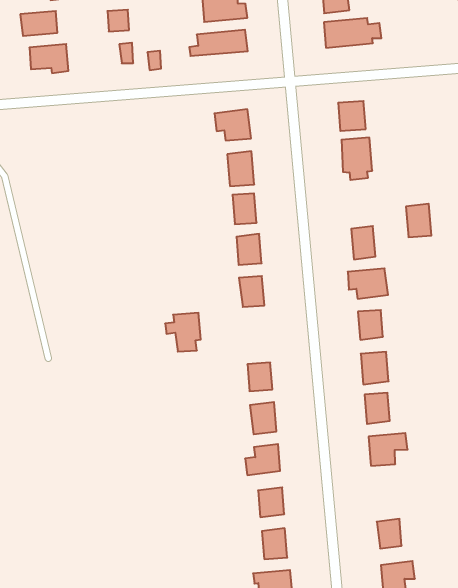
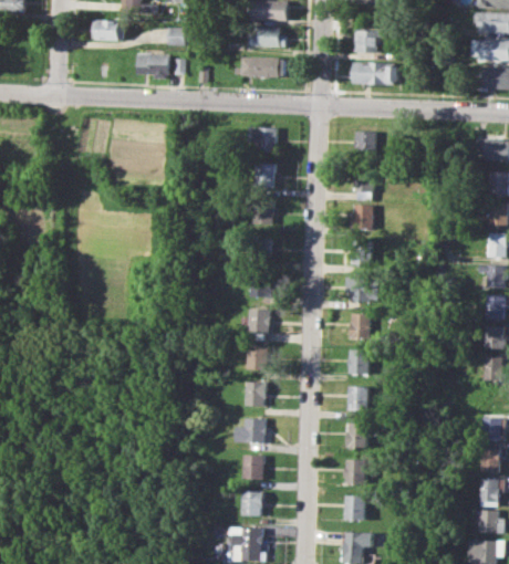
building: [29,44,68,73] -> [136,54,169,79]
building: [406,204,431,237] -> [353,206,374,233]
building: [165,313,201,352] -> [241,310,271,343]
building: none -> [343,459,364,484]

